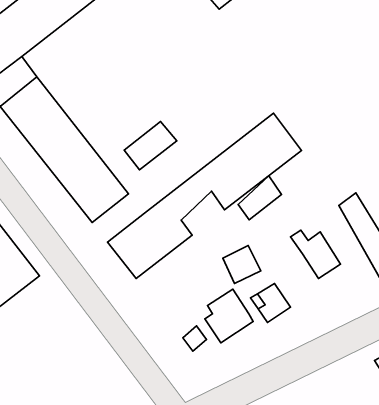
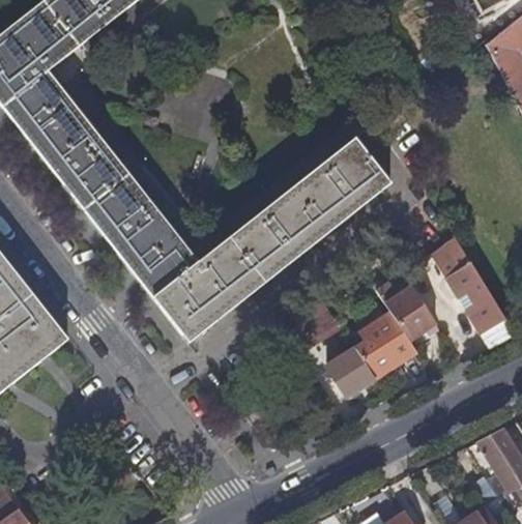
building: [124,121,177,170] -> [134,237,198,296]
building: [238,176,281,220] -> [242,234,295,288]
building: [205,289,253,343] -> [356,311,415,376]

